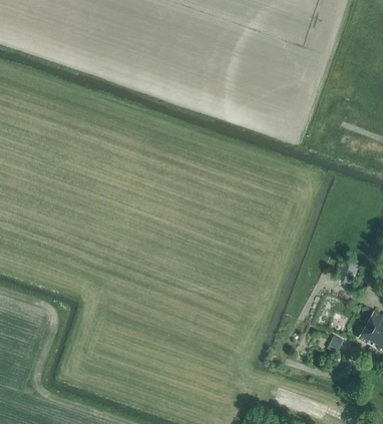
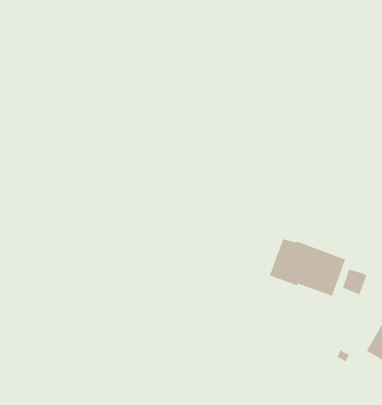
building: none -> [269,239,346,297]

